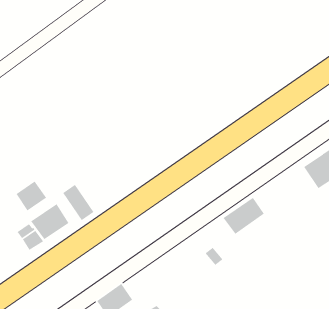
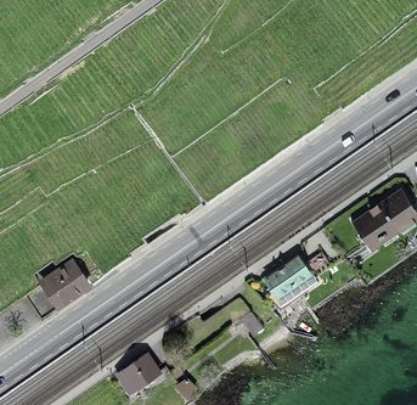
building: [16,180,47,211] -> none
building: [62,184,95,221] -> none

